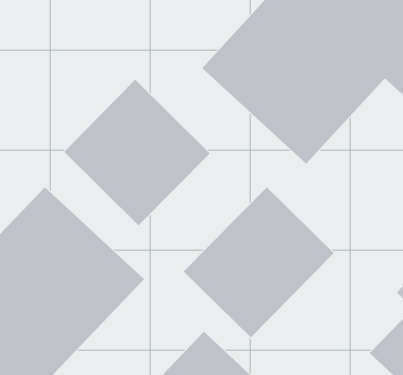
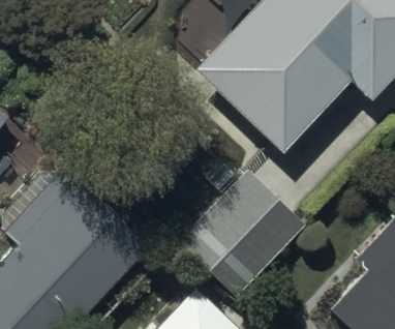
building: [63,79,210,226] -> none

